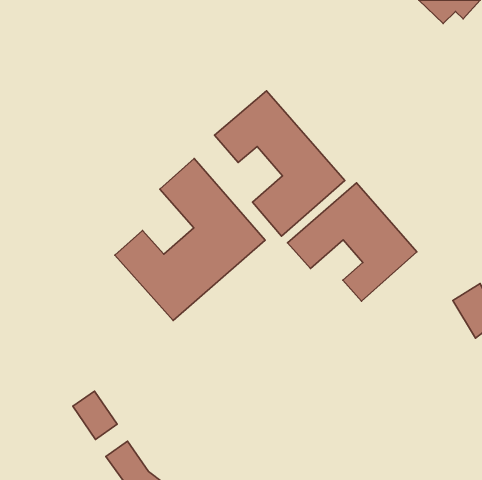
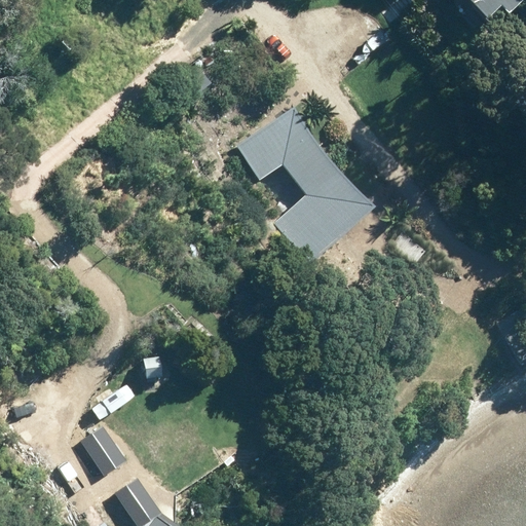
building: [115,158,265,320] -> none
building: [287,183,417,301] -> none

